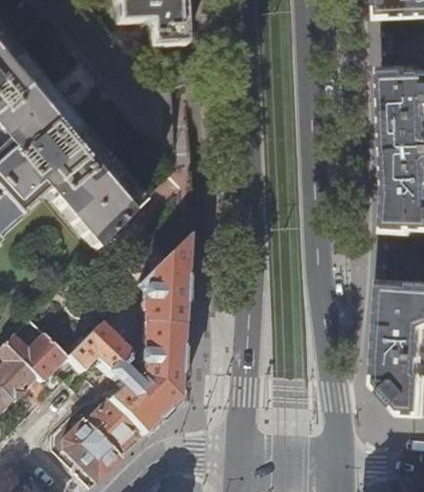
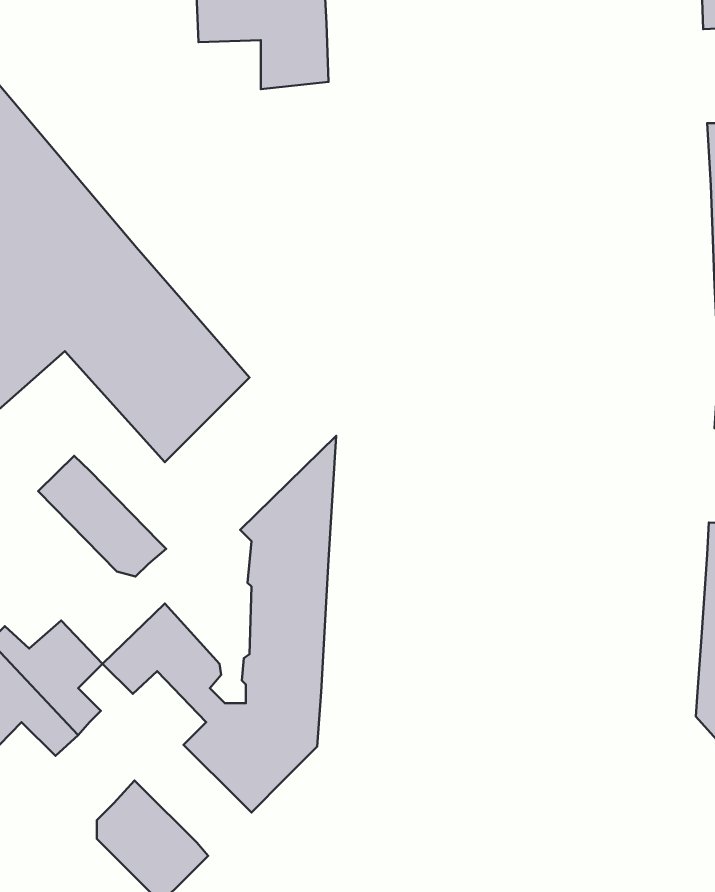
building: none -> [38,456,166,576]
building: [84,398,137,450] -> none

